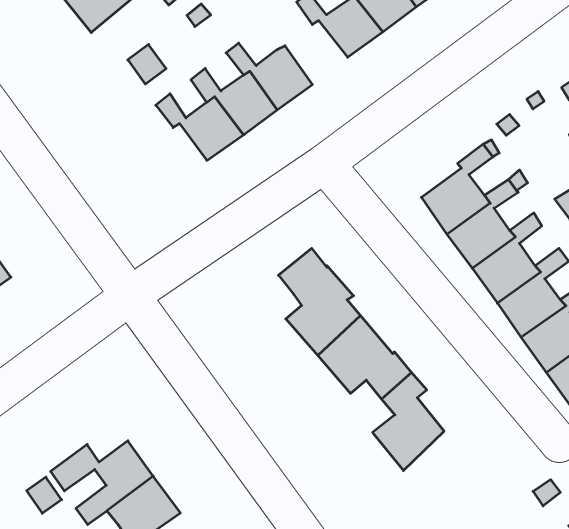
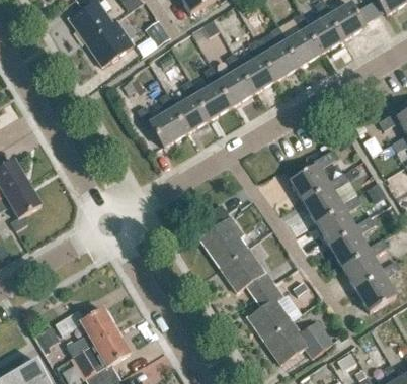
building: none -> [202,65,252,106]
building: none -> [263,318,330,363]

